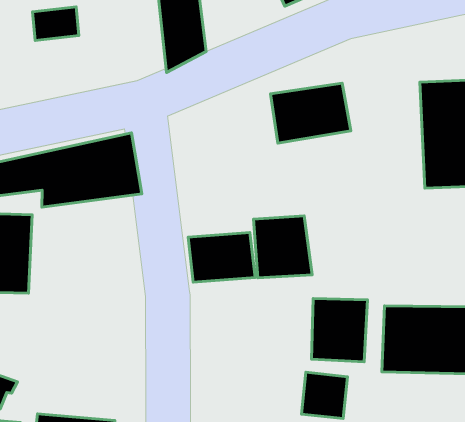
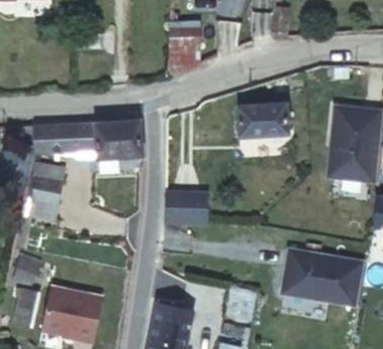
building: [253,216,312,278] -> none
building: [312,299,367,362] -> none

